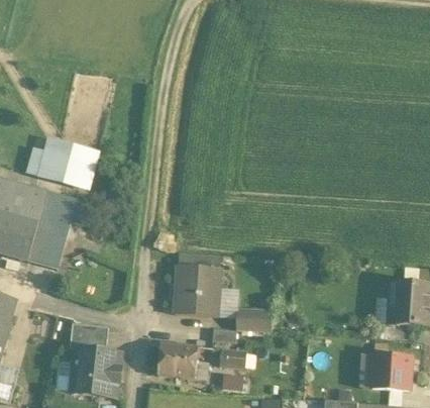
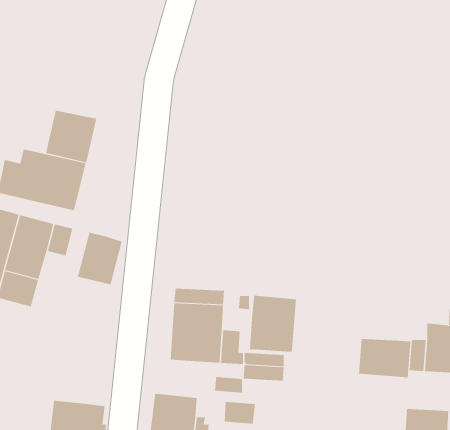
building: none -> [45,110,97,163]
building: none -> [77,232,122,285]
building: none -> [249,295,296,353]
building: none -> [358,338,411,378]
building: [69,324,107,351] -> none

